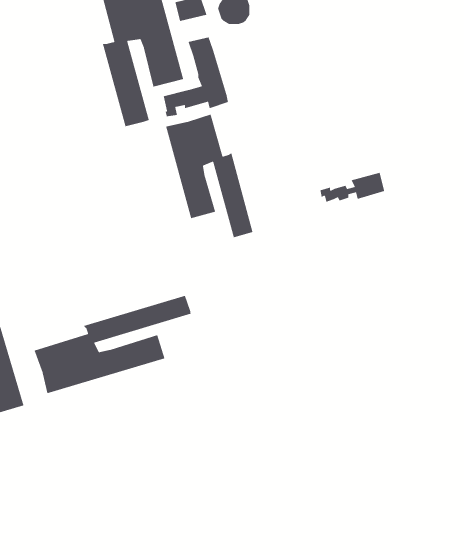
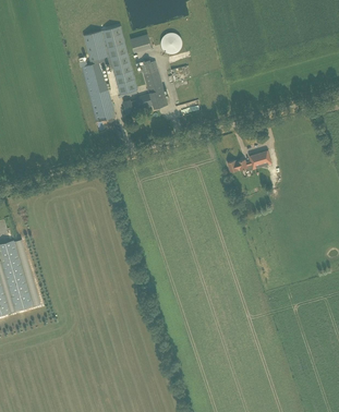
building: [165,113,253,238] -> none
building: [33,295,192,394] -> none

